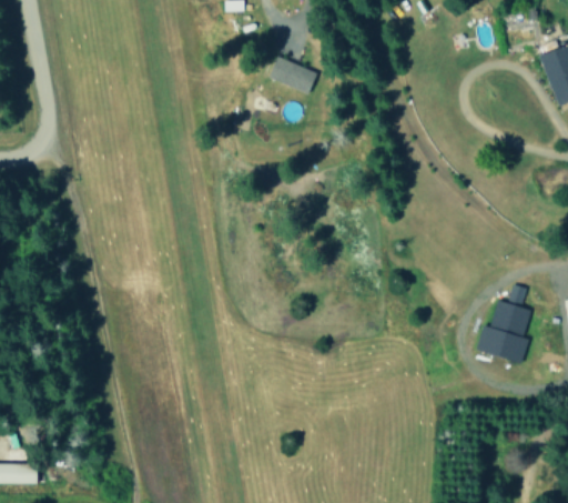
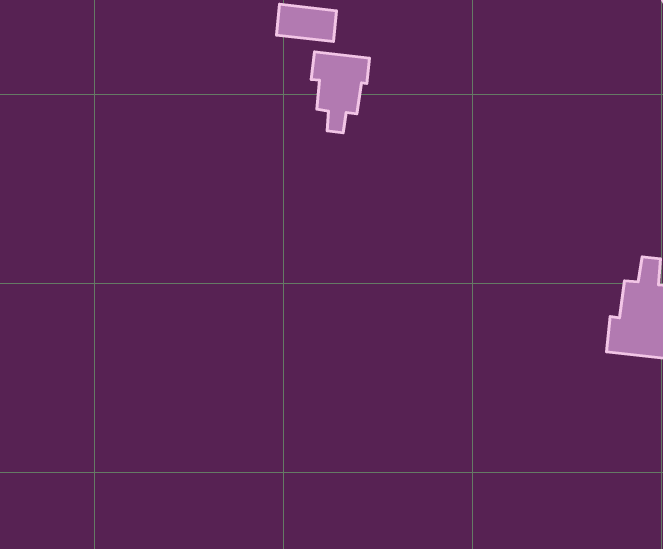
building: none -> [311,52,369,133]

